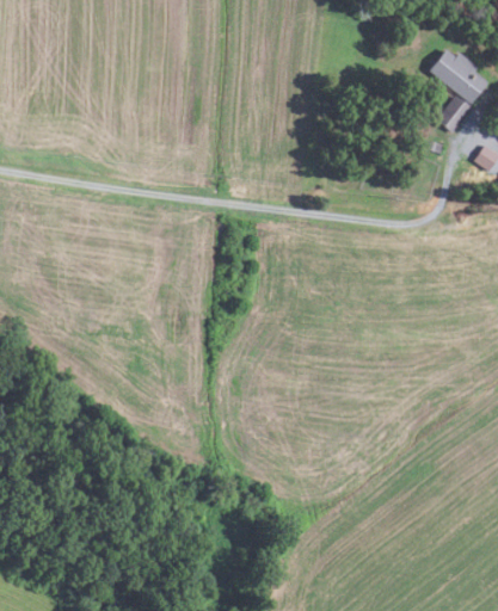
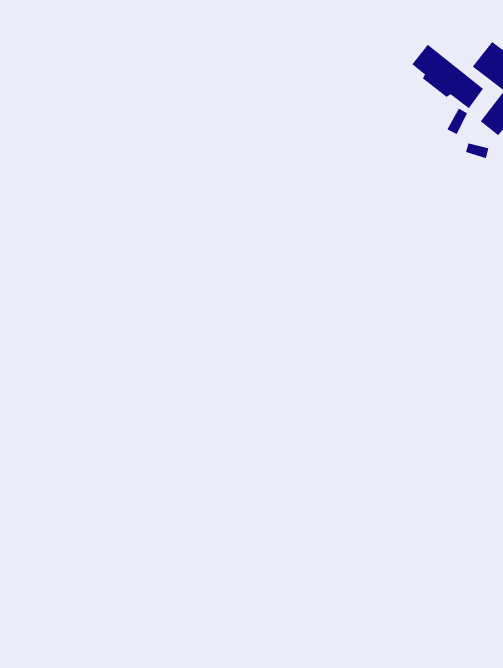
building: none -> [412,44,484,109]

